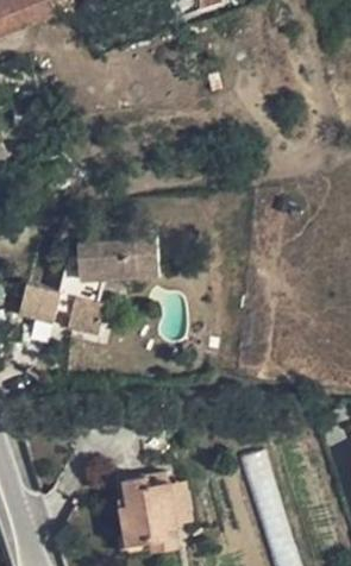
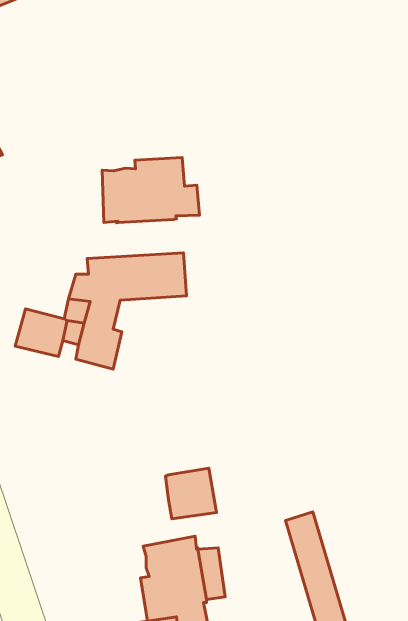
building: none -> [102,157,200,223]
building: none -> [165,468,217,519]

